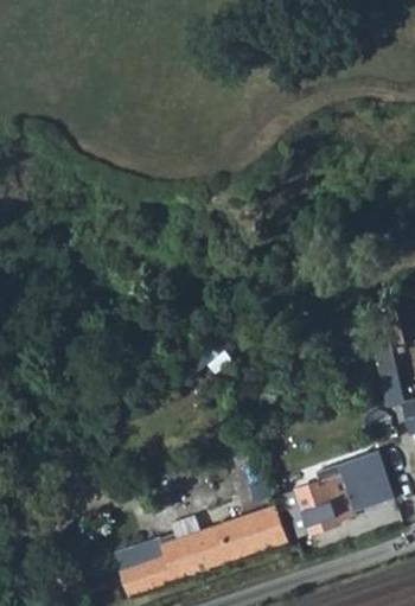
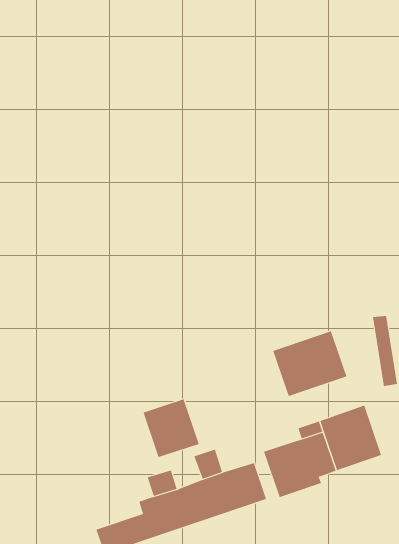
building: none -> [272,331,347,397]
building: none -> [143,399,200,458]

